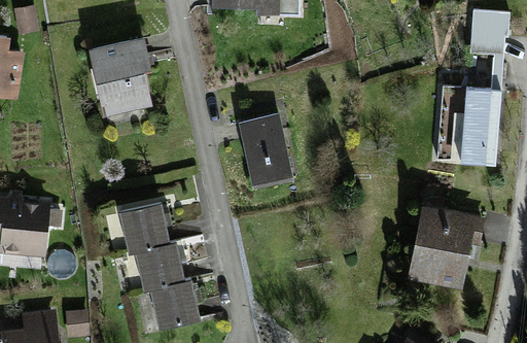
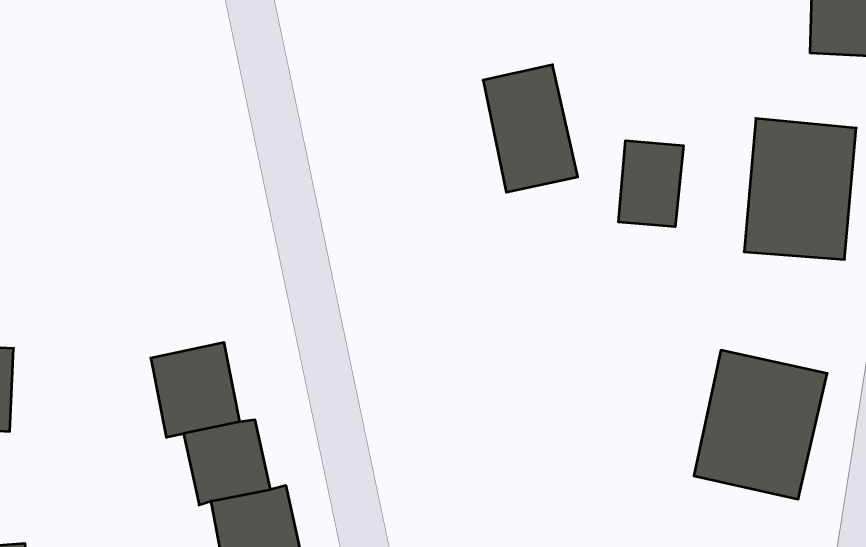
building: [94,43,154,117] -> none
building: none -> [619,141,683,227]
building: [241,115,291,183] -> [483,65,578,192]

